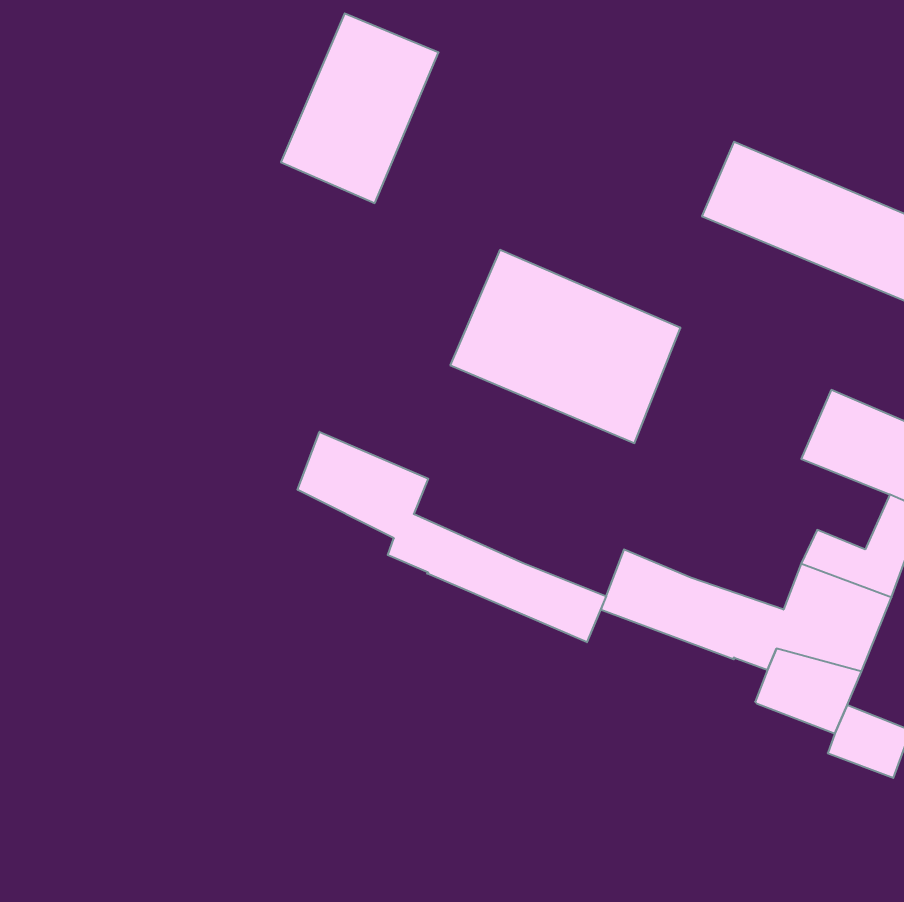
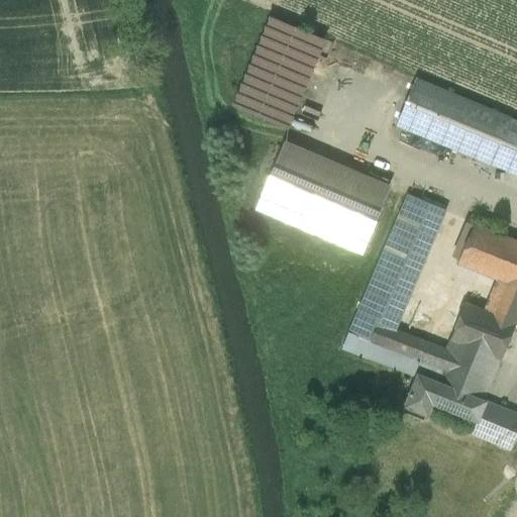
building: [281,13,439,203] -> [234,18,324,126]
building: none -> [356,195,445,329]
building: [298,432,606,642] -> none
building: none -> [404,375,438,419]

